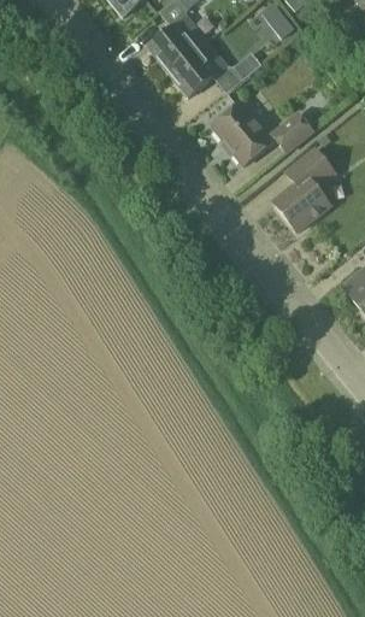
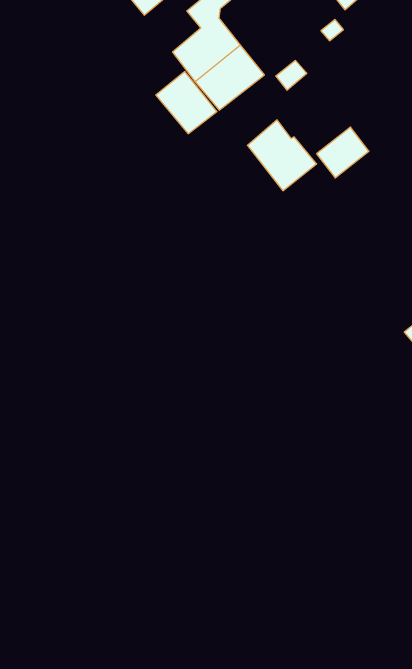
building: none -> [156,72,217,134]
building: [275,149,336,231] -> none

